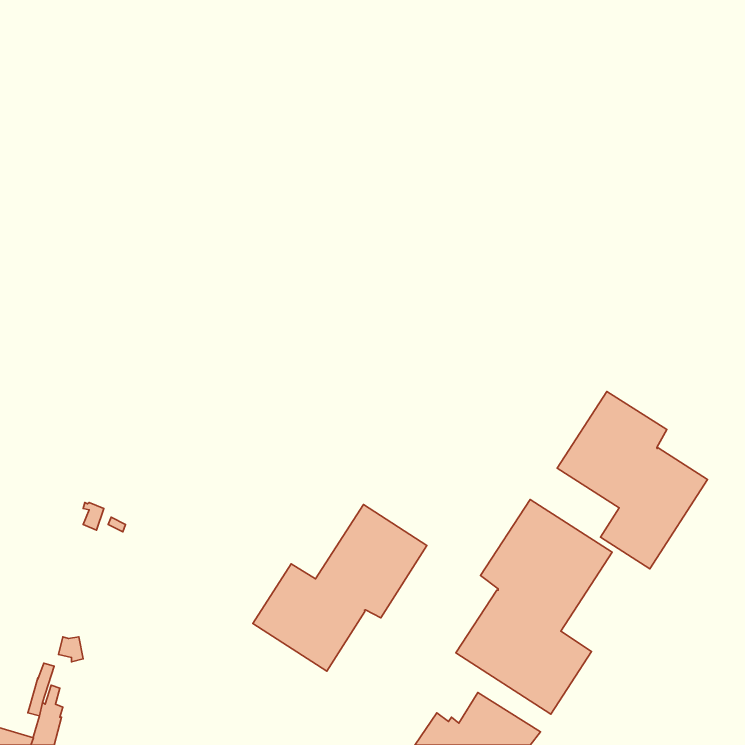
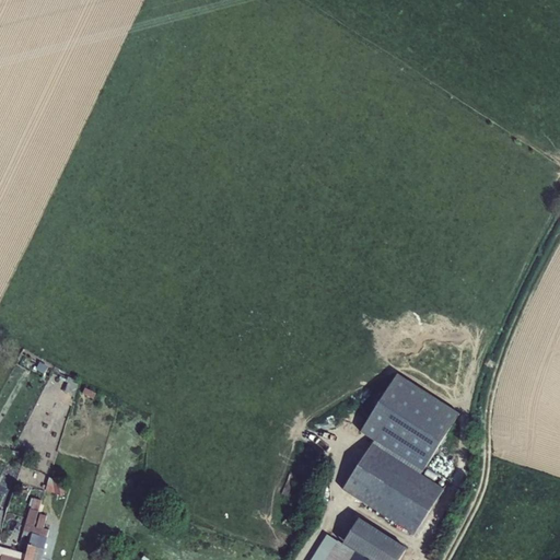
building: [557,391,708,569] -> none
building: [253,504,427,671] -> none

